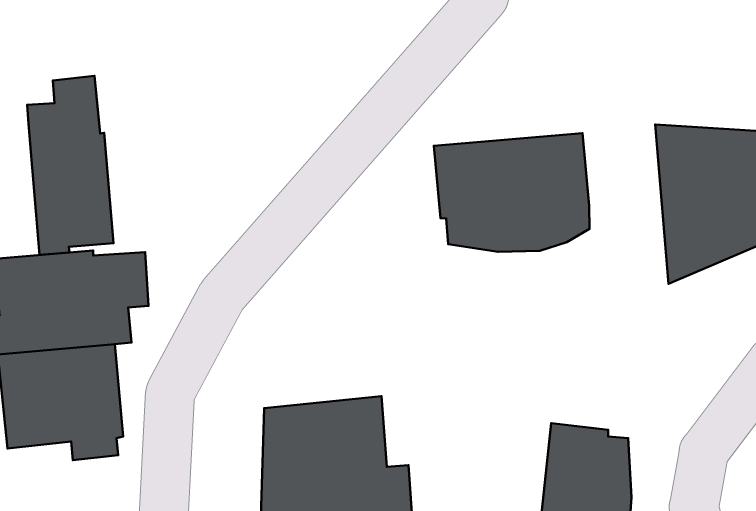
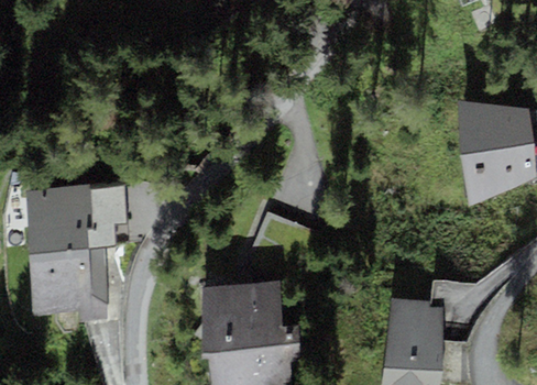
building: [27,76,113,255] -> none
building: [434,133,589,252] -> none

